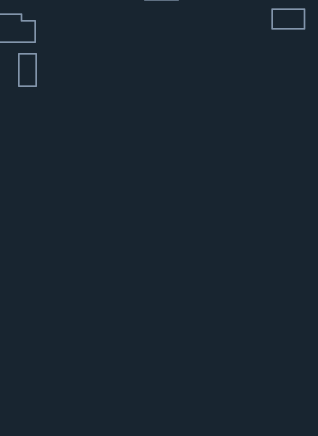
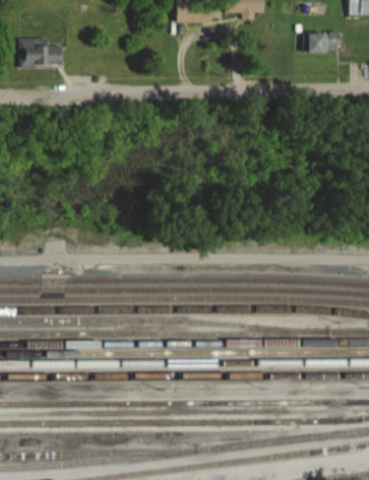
building: [19,54,36,86] -> none

